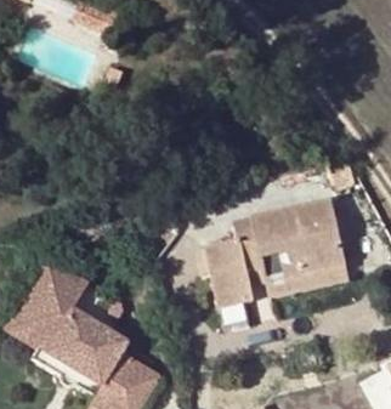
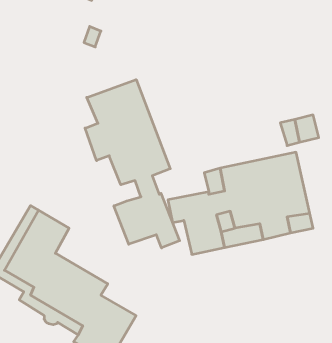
building: none -> [85,80,180,248]

